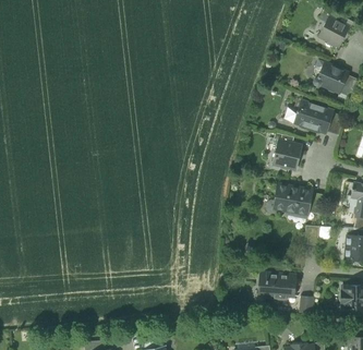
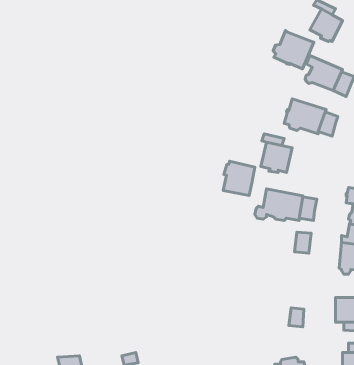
building: none -> [273,30,314,69]
building: none -> [223,161,255,196]
building: [259,273,295,299] -> none

